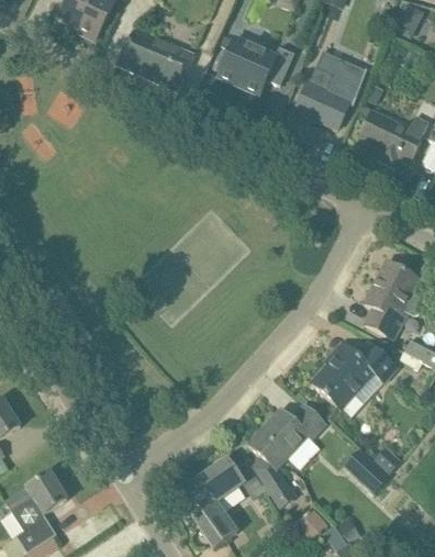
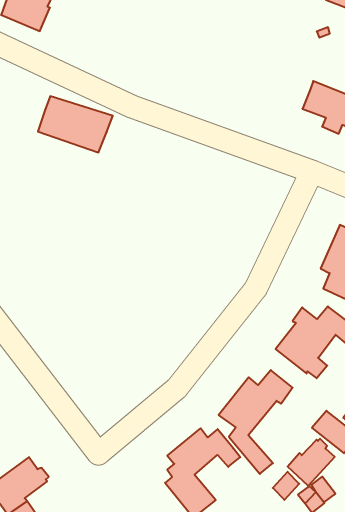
building: [116,27,194,89] -> [38,96,113,152]
building: [218,36,294,93] -> none
building: [293,53,362,129] -> none
building: none -> [288,439,335,486]

